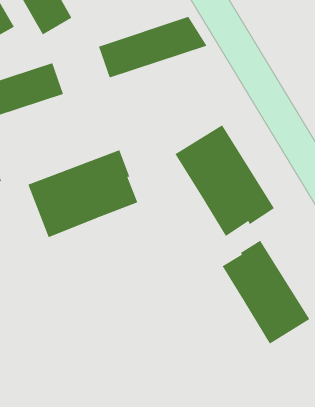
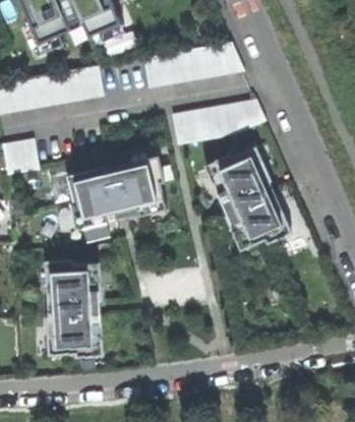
building: none -> [173,99,267,143]
building: [222,240,310,345] -> none
building: none -> [42,258,99,352]

